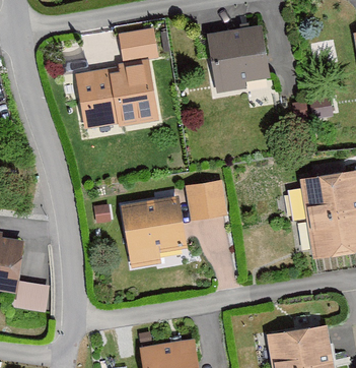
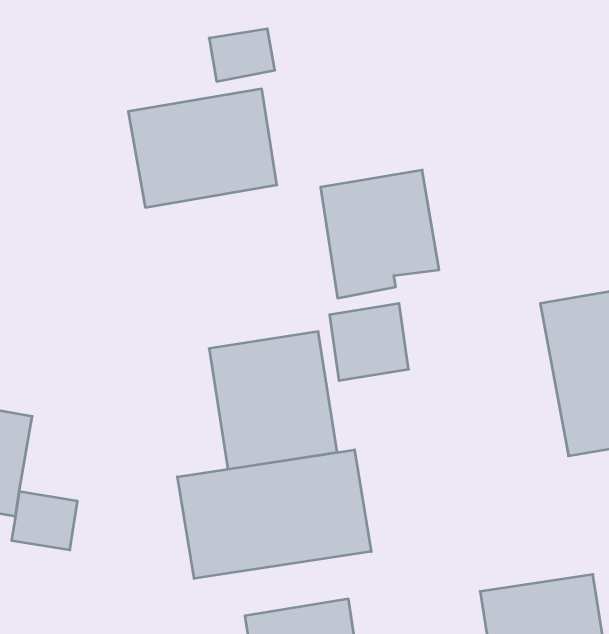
building: [206,23,270,93] -> [321,170,439,298]
building: none -> [177,450,371,579]

